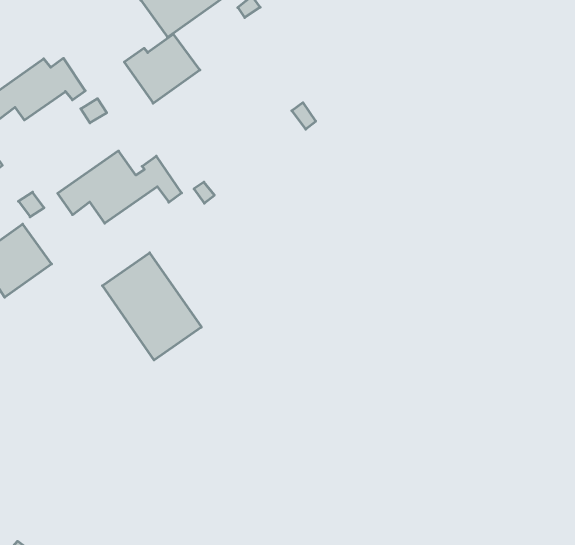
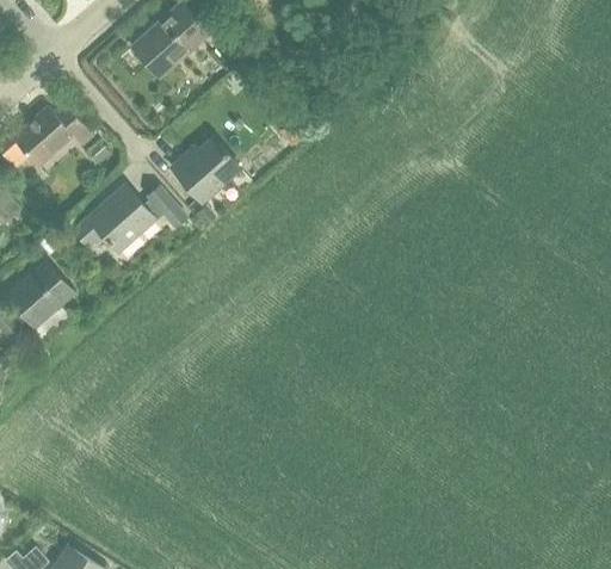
building: [124,34,200,103] -> [171,137,240,202]
building: [102,253,201,360] -> none

